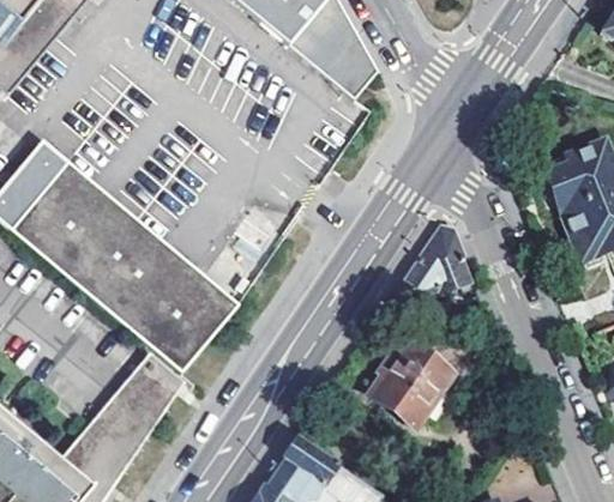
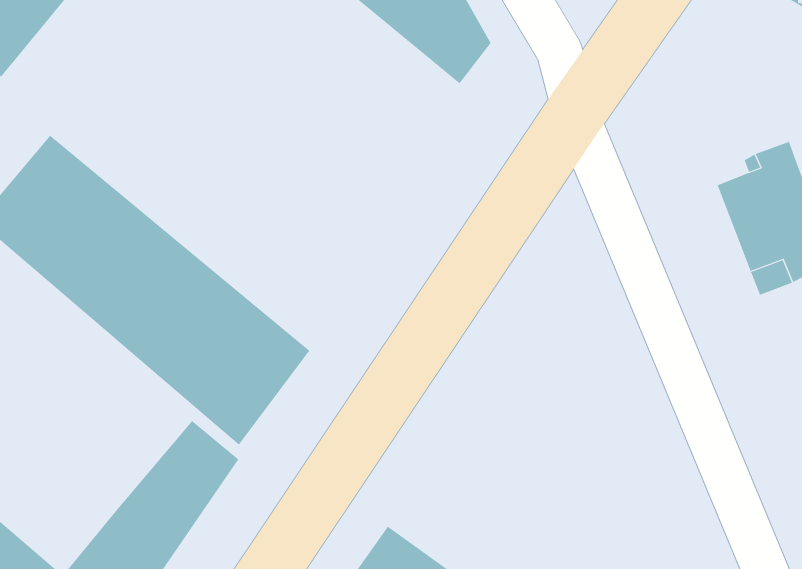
building: [398,225,470,300] -> none
building: [371,340,452,422] -> none

